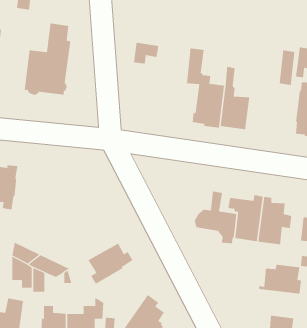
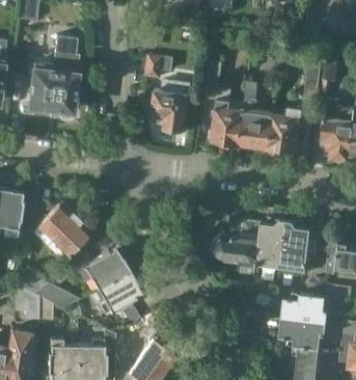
building: none -> [152,83,192,133]
building: none -> [267,110,301,154]
building: none -> [37,203,91,256]
building: none -> [74,246,131,290]
building: none -> [279,321,326,352]

